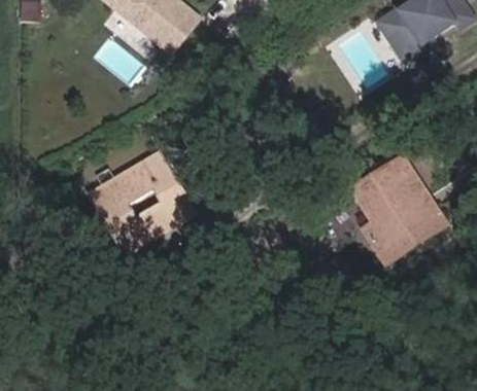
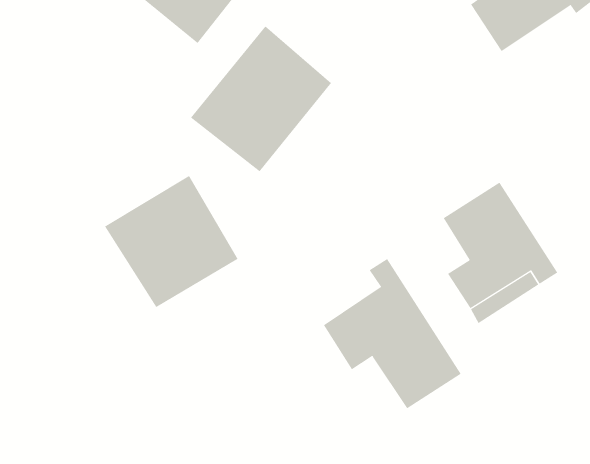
building: none -> [190,26,332,172]
building: none -> [323,258,462,409]

